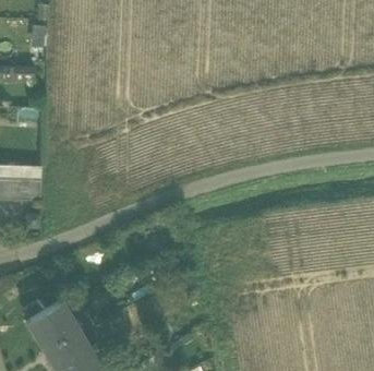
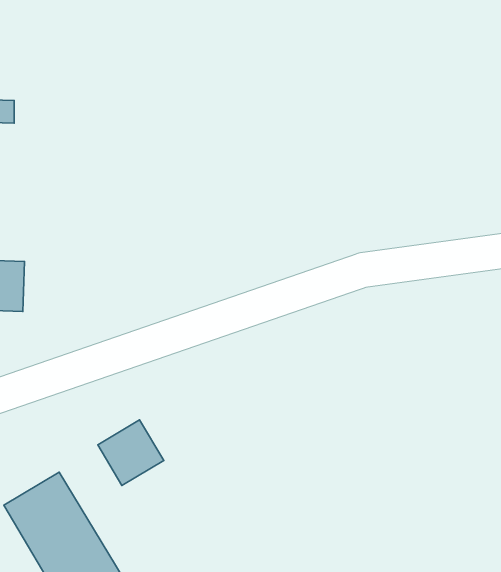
building: none -> [98,420,164,485]

